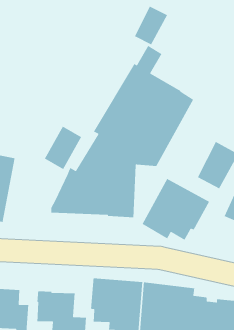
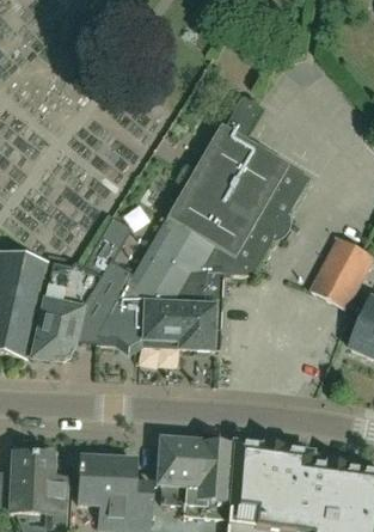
building: [134,6,168,46] -> none
building: none -> [31,262,121,361]
building: [142,178,210,241] -> none

